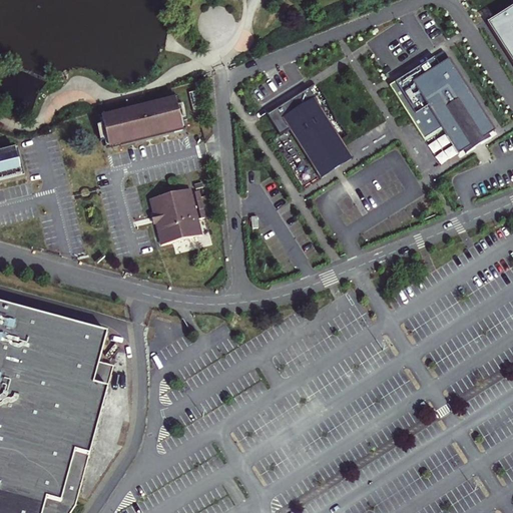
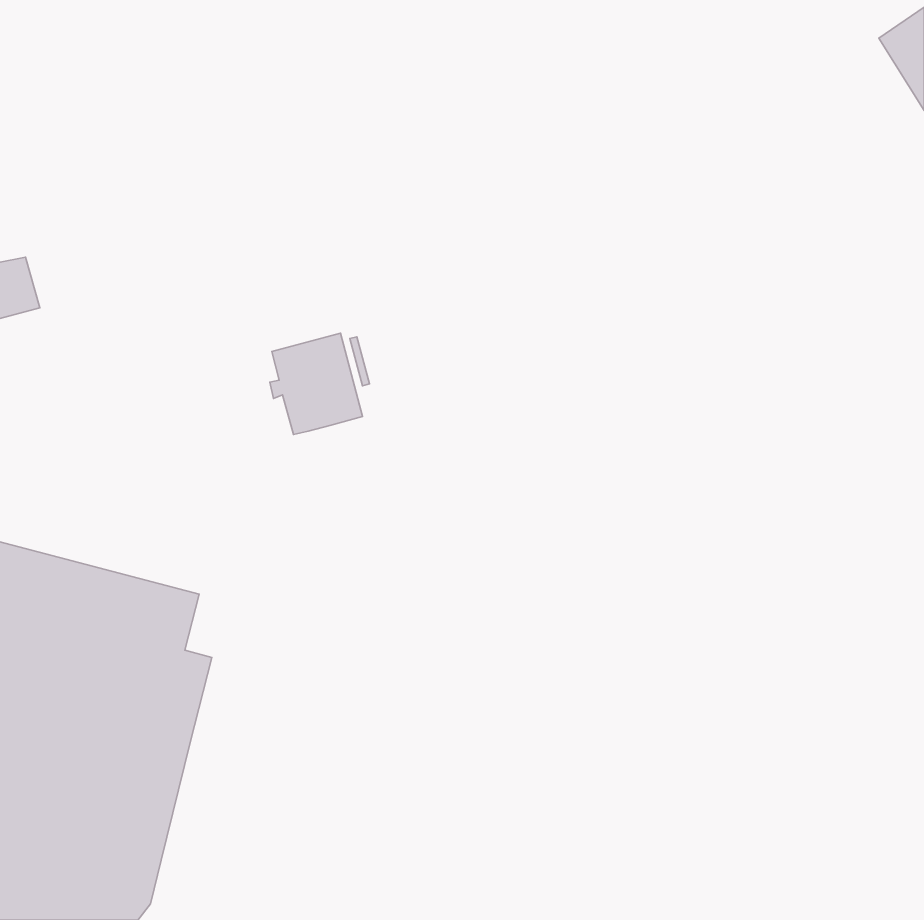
building: [389,56,495,154] -> none
building: [265,86,351,177] -> none
building: [100,95,182,141] -> none

